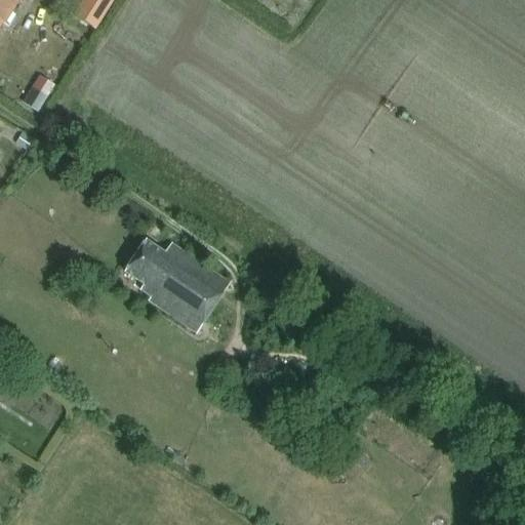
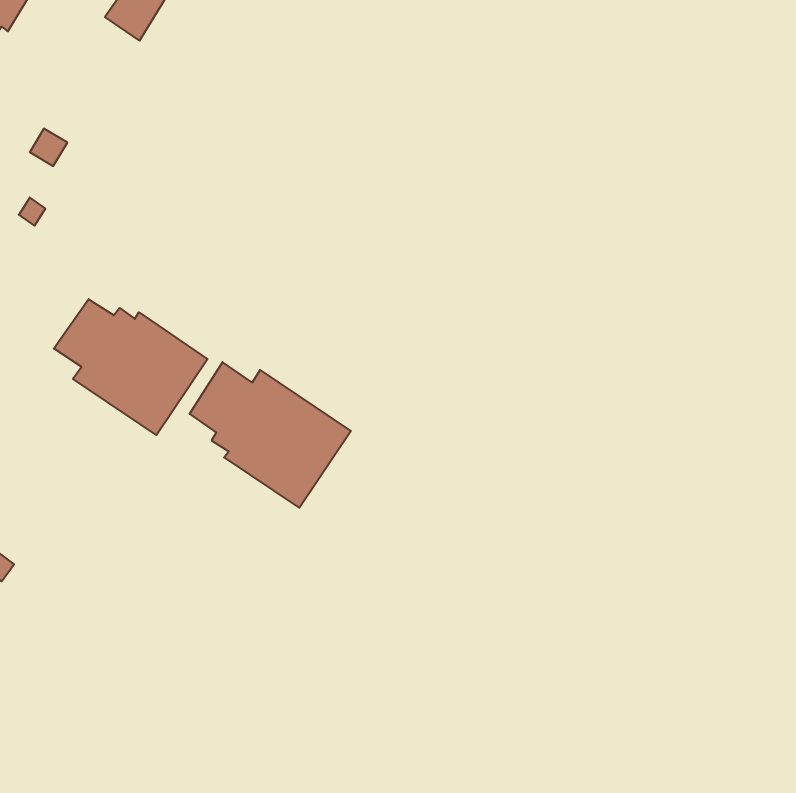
building: none -> [54,299,208,435]

